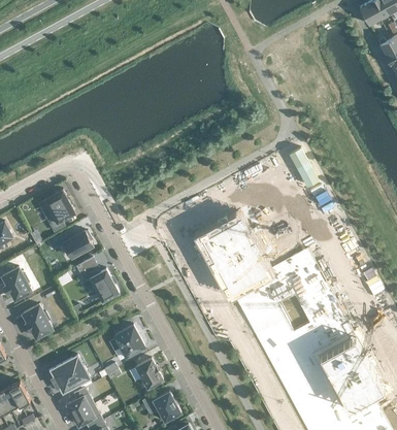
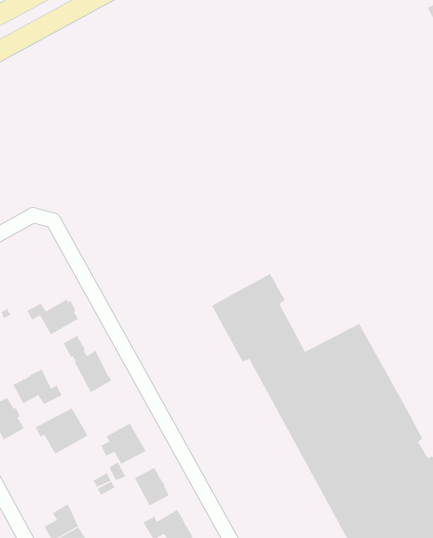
building: [38,190,75,232] -> none
building: none -> [13,369,63,405]
building: [47,356,89,392] -> [35,407,89,455]

